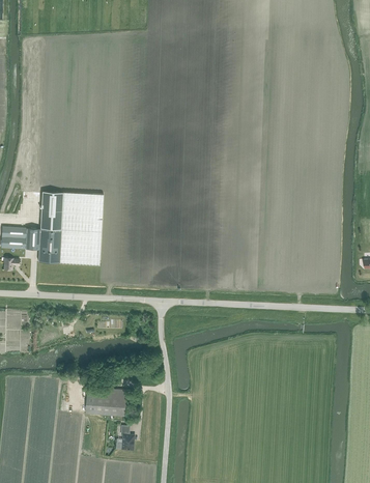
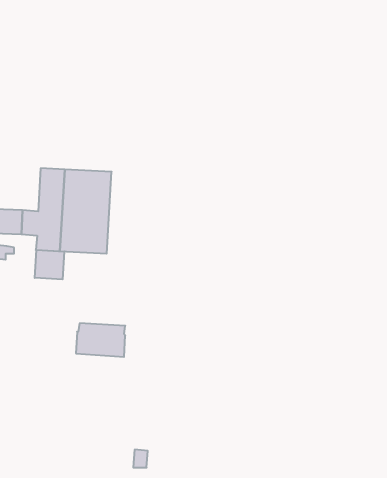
building: none -> [35,250,64,279]
building: [85,387,127,416] -> [76,323,125,357]

